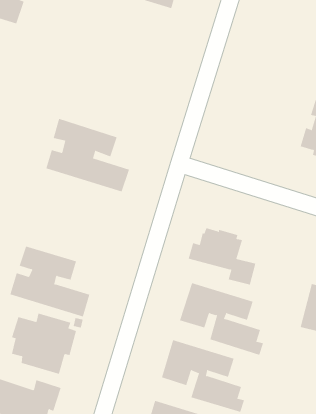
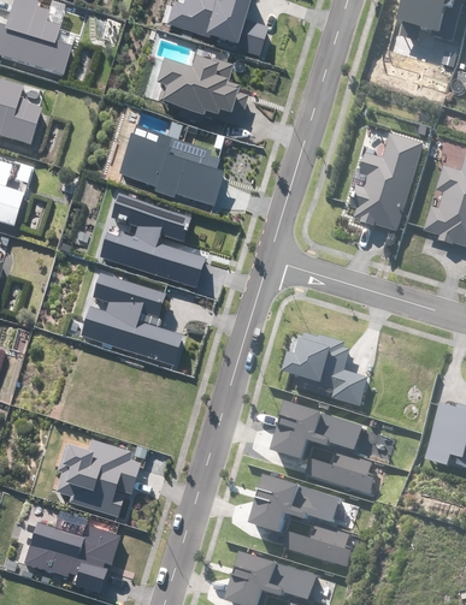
building: none -> [158,57,248,114]
building: none -> [117,123,225,206]
building: none -> [349,132,424,231]
building: [9,246,90,317] -> [81,273,183,363]

